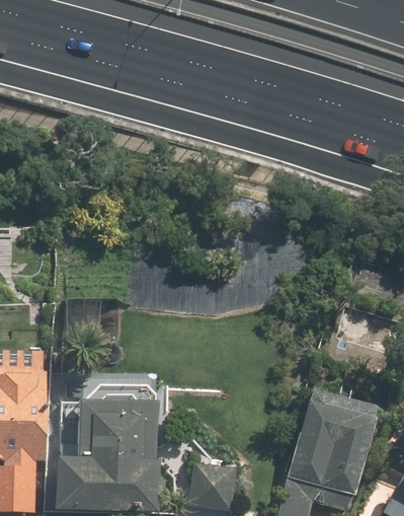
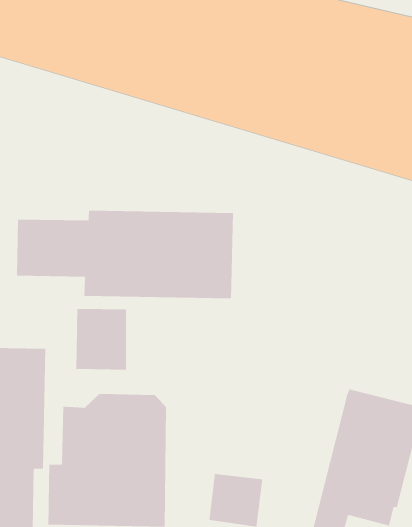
building: none -> [16,210,234,299]
building: none -> [75,308,127,370]

